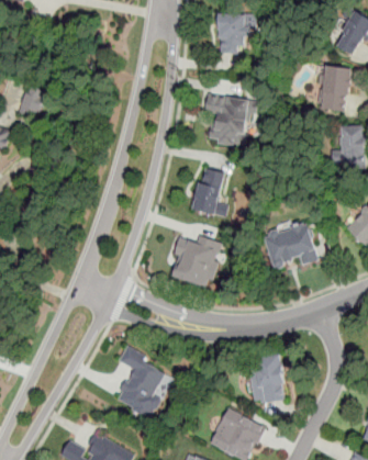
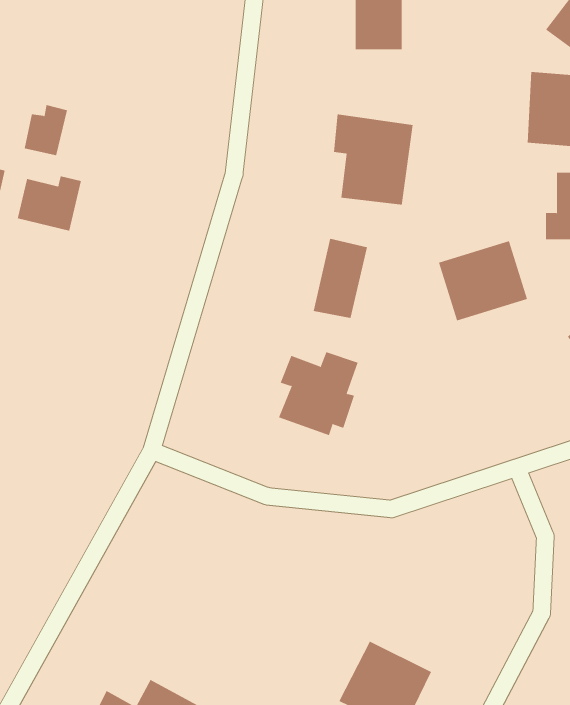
building: none -> [17,176,82,231]
building: [263,222,316,270] -> [438,241,528,321]
building: [114,344,164,418] -> none
building: [247,356,283,403] -> none

